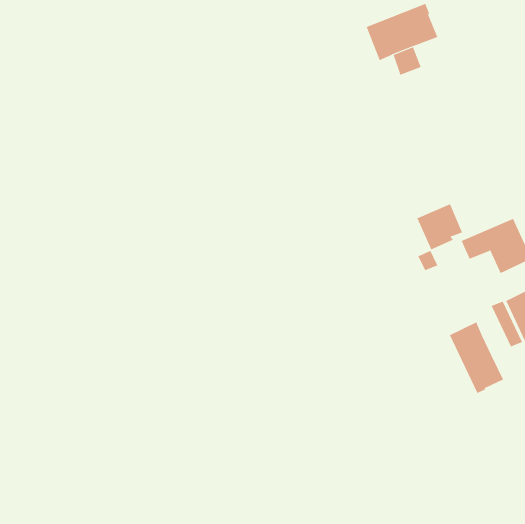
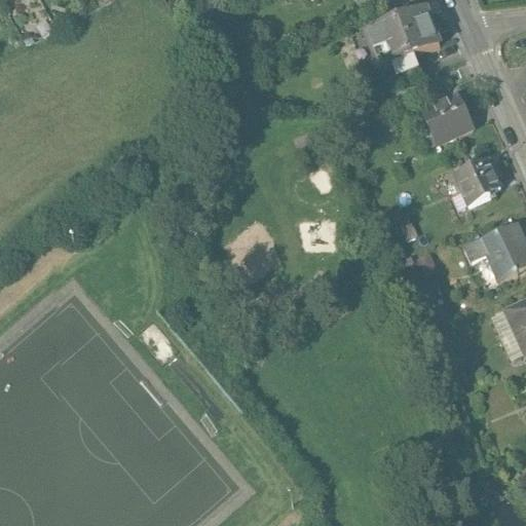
building: none -> [422,89,474,139]
building: [416,204,463,250] -> [455,155,501,201]
building: [449,322,504,394] -> none

